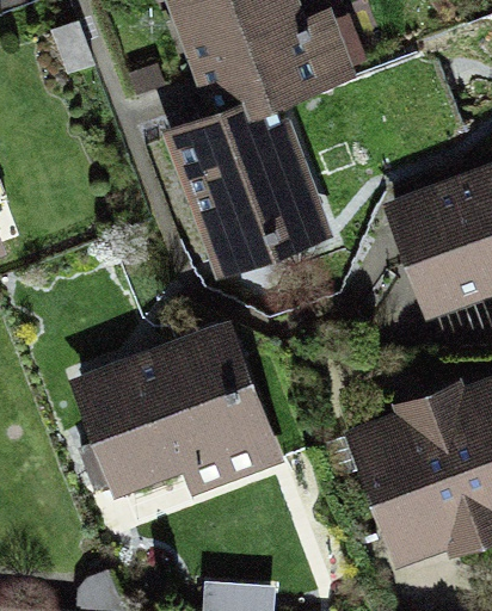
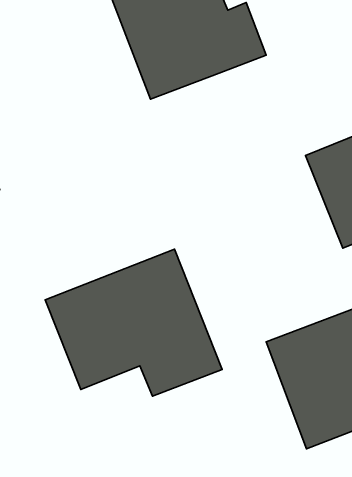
building: [160,99,338,288] -> none

